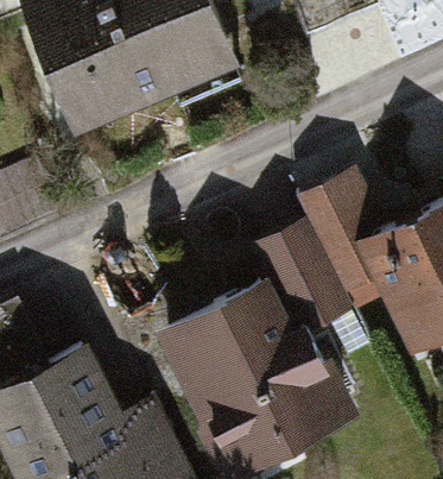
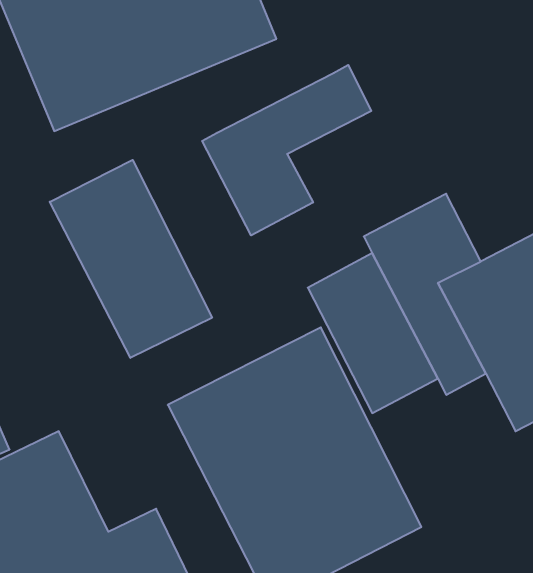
building: none -> [202,65,371,235]
building: none -> [50,160,212,358]

